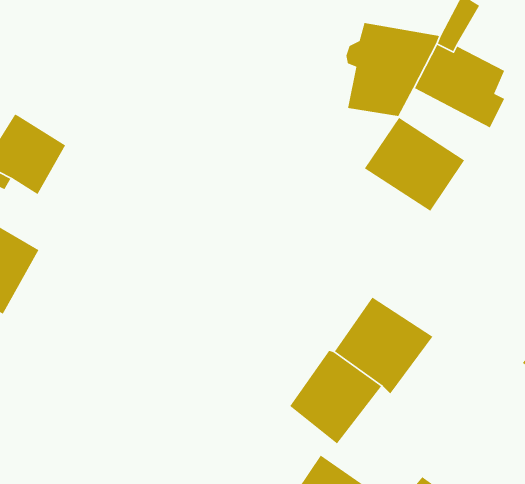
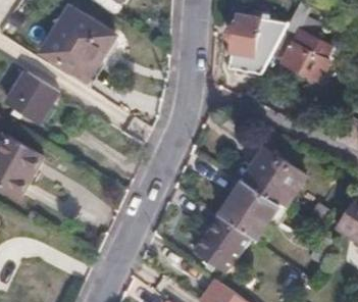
building: none -> [42,7,114,81]
building: [364,117,465,212] -> [242,150,304,208]

